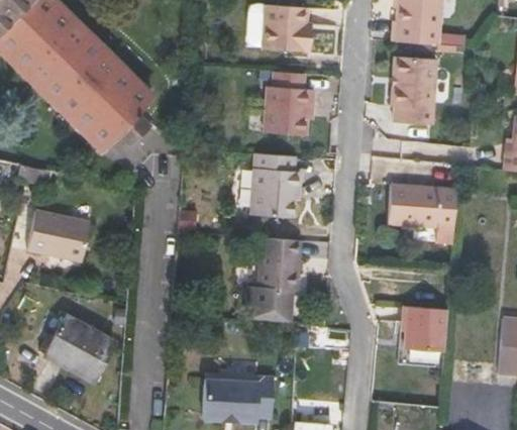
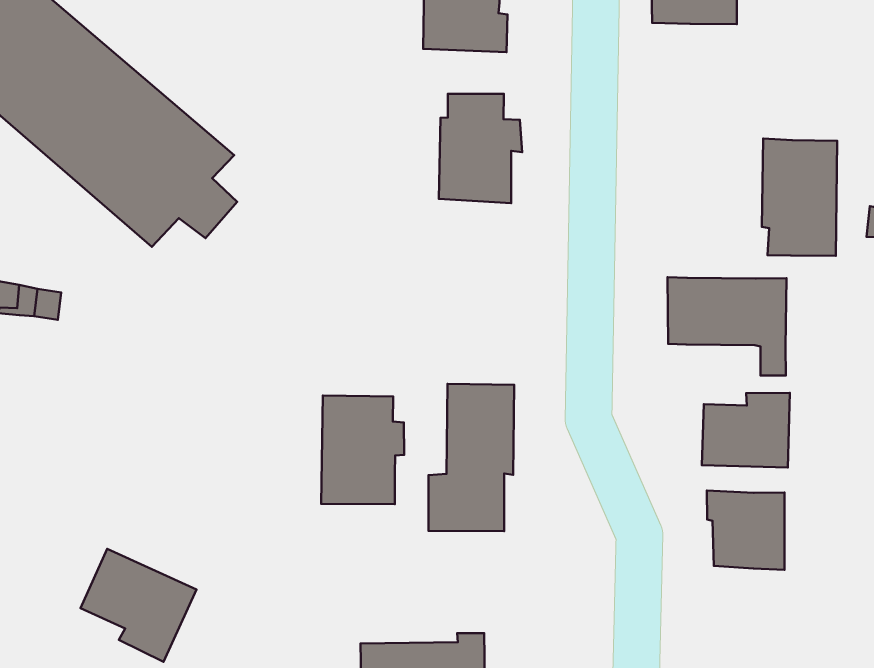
building: [391,56,436,124] -> [762,138,837,256]
building: [250,152,300,216] -> [321,396,404,504]
building: [26,205,88,255] -> none
building: none -> [702,393,790,468]

